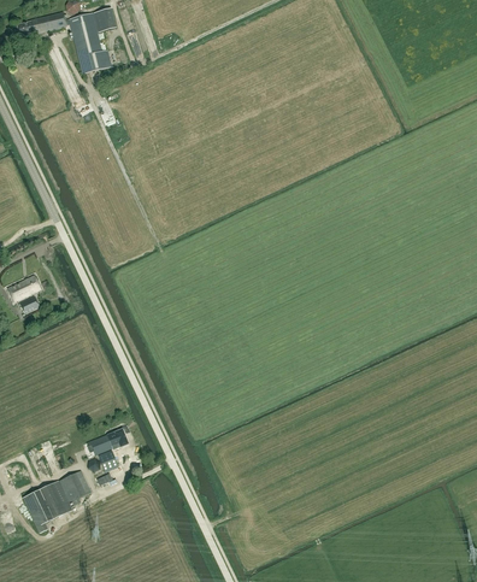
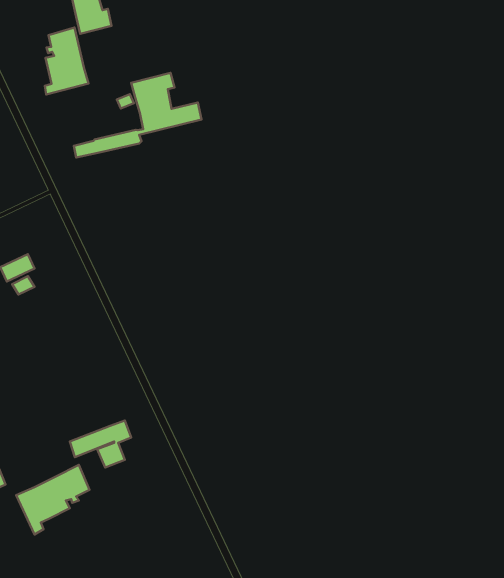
building: none -> [45,28,89,94]
building: none -> [74,73,202,158]

